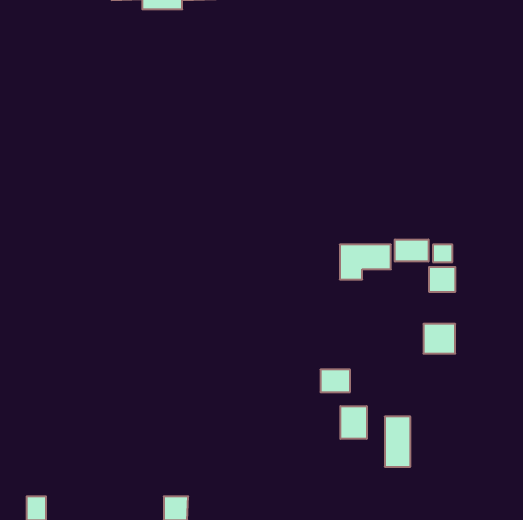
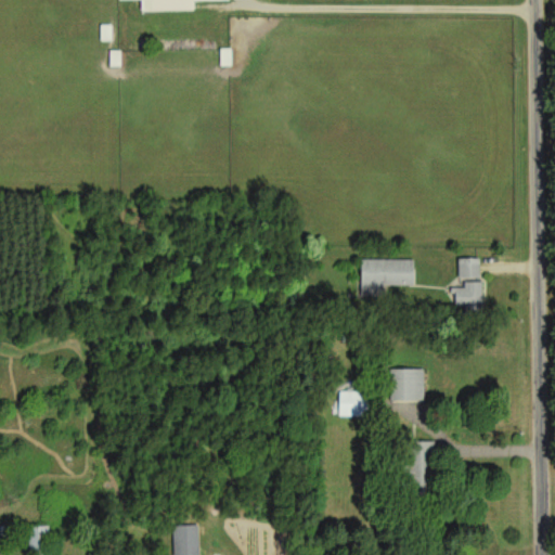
building: [395,239,428,262] -> none
building: [423,324,455,354] -> [390,369,424,400]
building: [340,406,367,439] -> none

